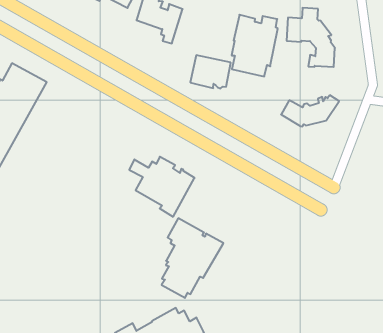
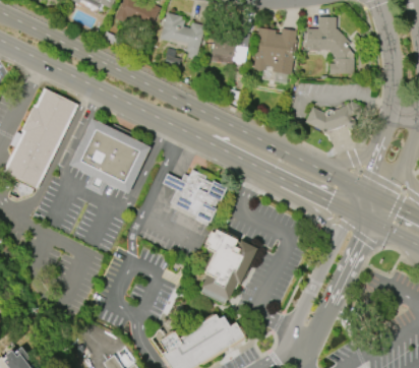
building: [190,55,231,88] -> [211,35,248,65]
building: none -> [69,119,151,195]

